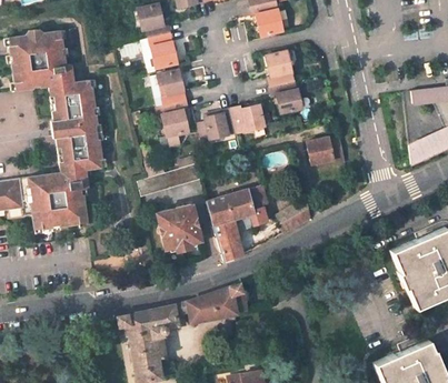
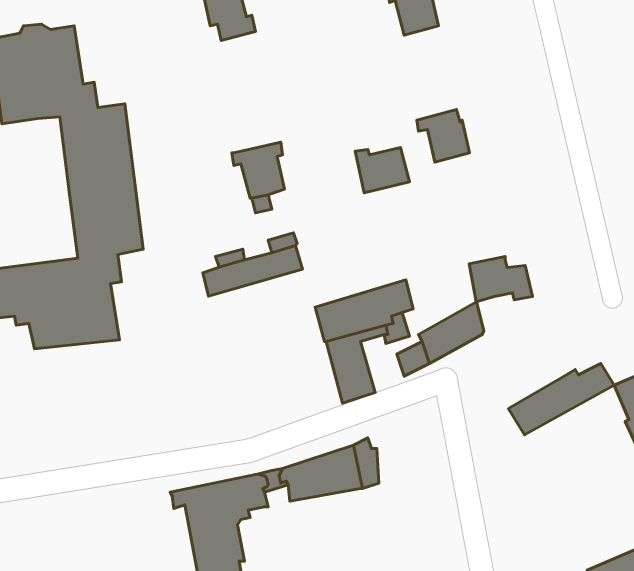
building: [141,33,177,68] -> none
building: [266,51,293,88] -> none
building: [150,69,186,108] -> none
building: [196,107,237,140] -> none
building: [307,137,346,164] -> [469,256,532,302]
building: [156,204,200,248] -> none
building: none -> [509,363,614,435]

